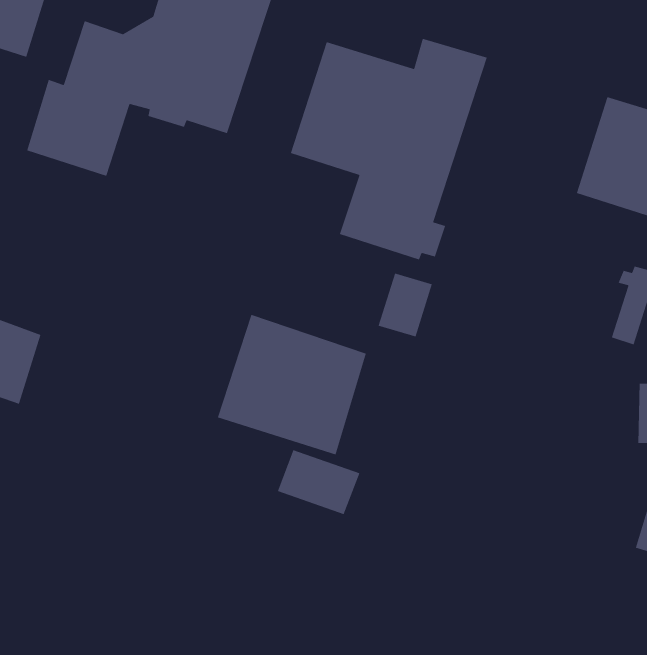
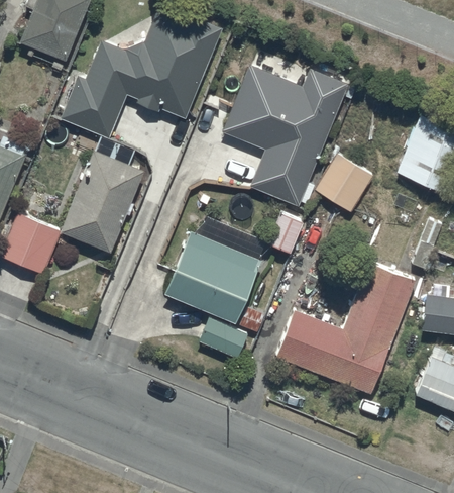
building: none -> [315,153,374,212]
building: none -> [61,149,144,253]
building: none -> [276,261,417,395]

